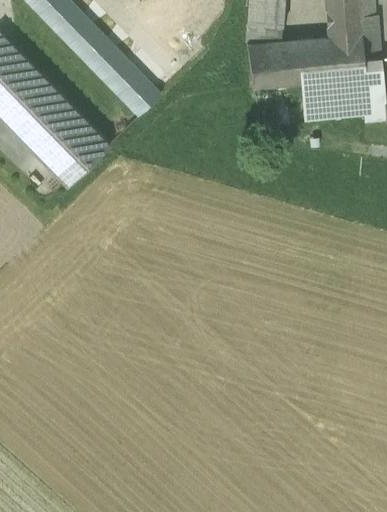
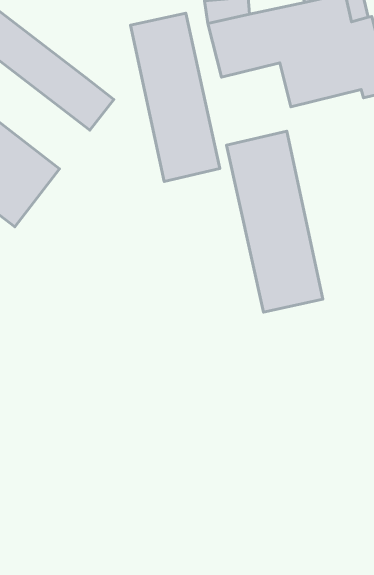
building: none -> [130,13,220,181]
building: none -> [227,131,323,312]

